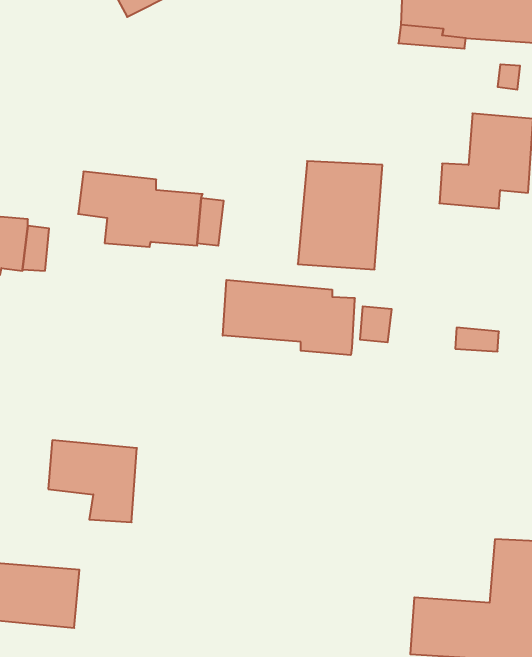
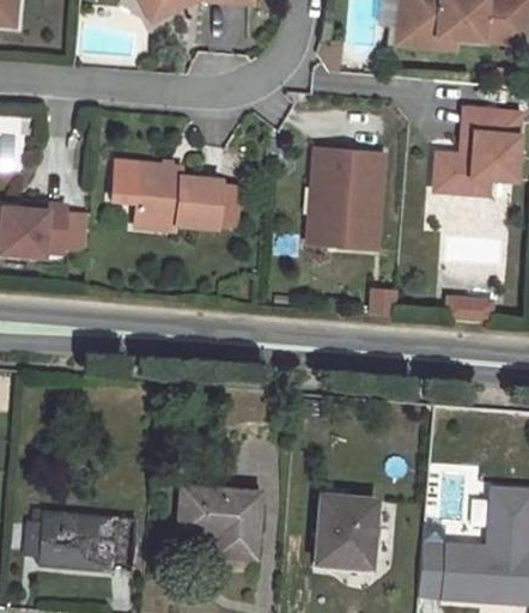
building: [223,280,355,355] -> none
building: [48,440,137,522] -> [171,490,251,564]
building: none -> [309,500,370,568]

